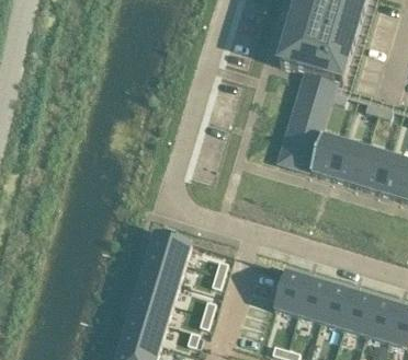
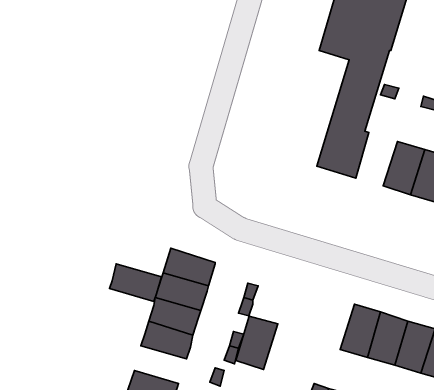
building: [309,132,344,177] -> none
building: [273,270,308,315] -> [236,316,278,369]
building: [123,312,167,344] -> [110,264,162,302]

